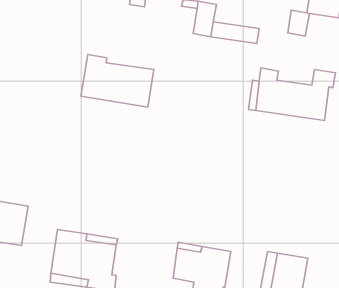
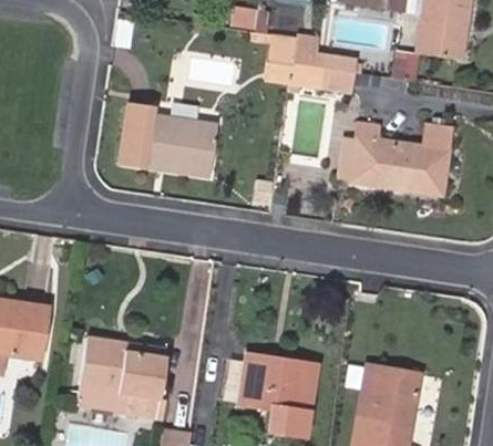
building: none -> [295,39,357,71]

